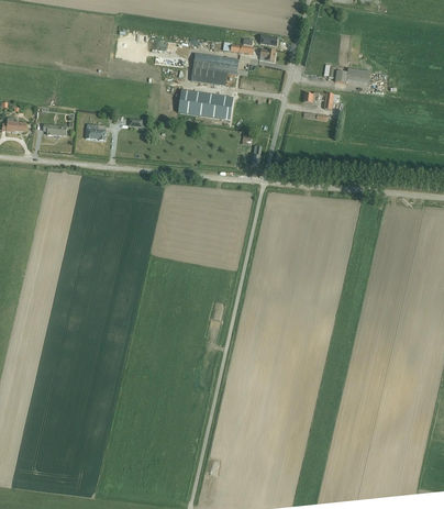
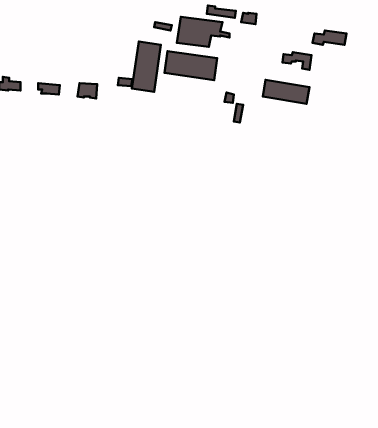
building: none -> [132,41,161,92]
building: none -> [263,80,309,104]

